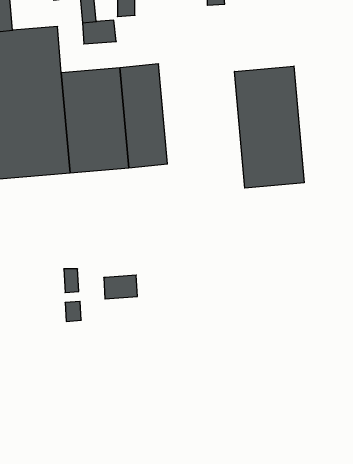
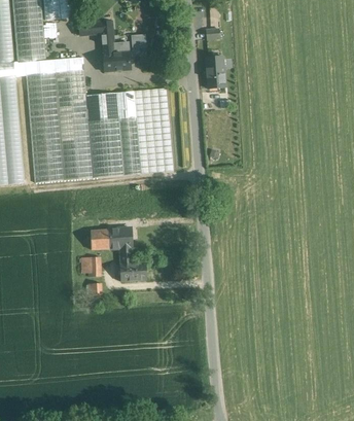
building: none -> [205,56,224,89]
building: [235,66,304,188] -> none
building: none -> [88,227,132,264]

